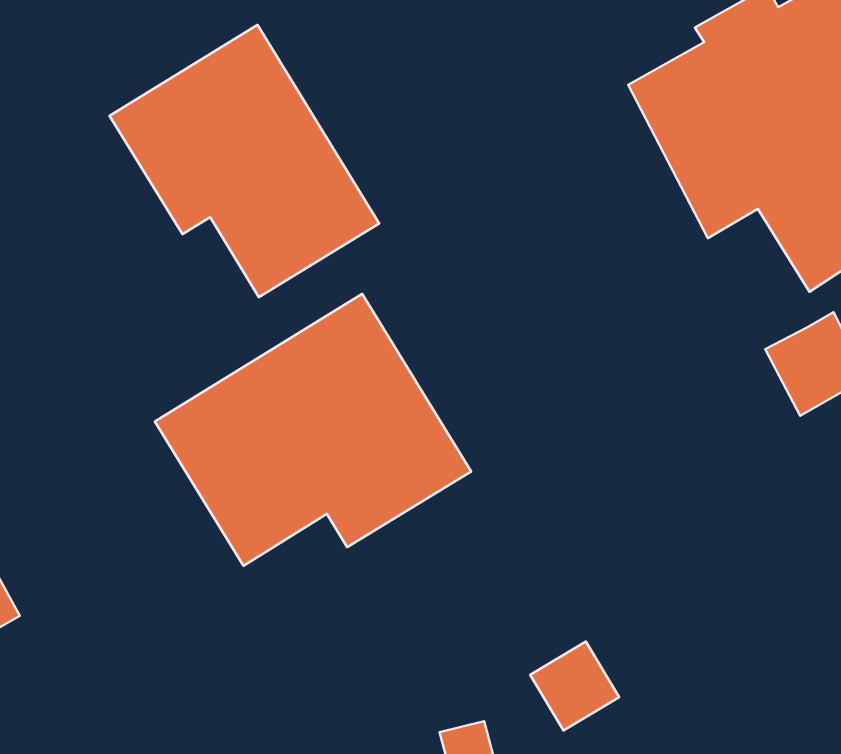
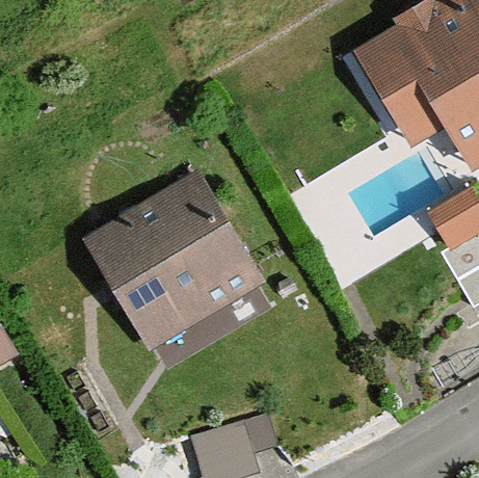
building: [110,25,379,297] -> none

